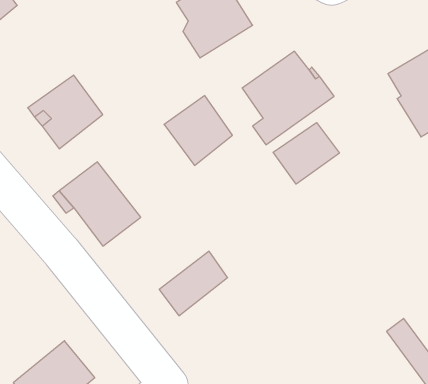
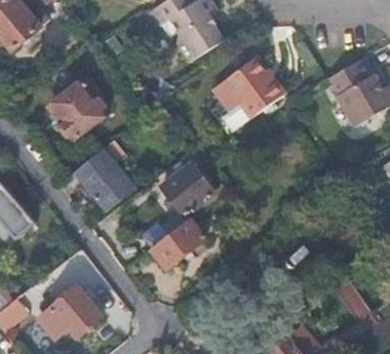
building: [164,96,232,165] -> [160,159,213,213]
building: [273,123,339,184] -> none

